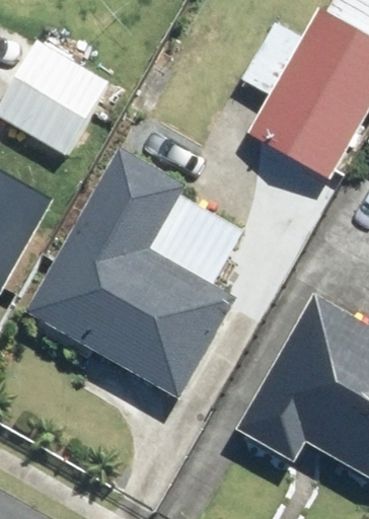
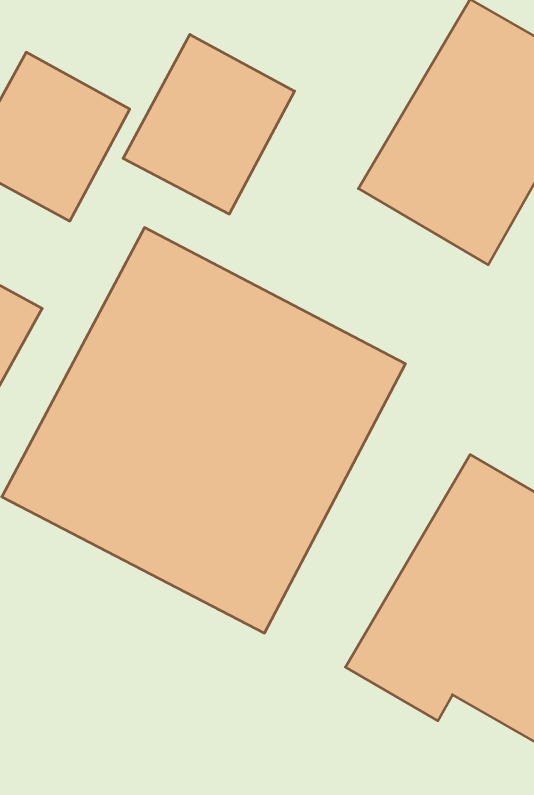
building: none -> [123,34,295,214]

